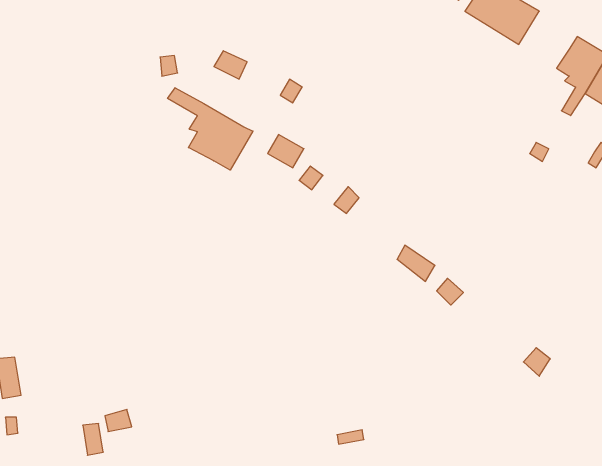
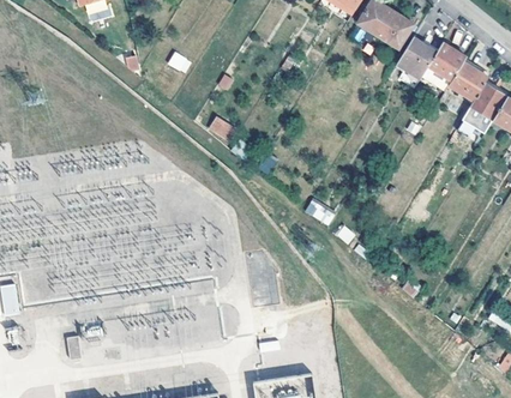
building: none -> [396,37,435,88]
building: [168,88,253,170] -> none

